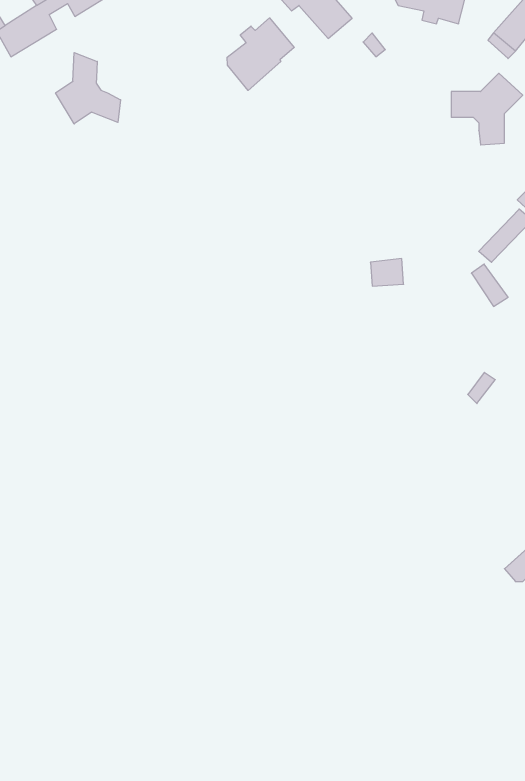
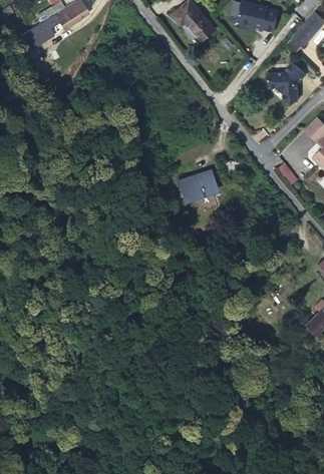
building: [227,18,294,90] -> none
building: [56,53,121,124] -> none
building: none -> [179,171,215,199]

